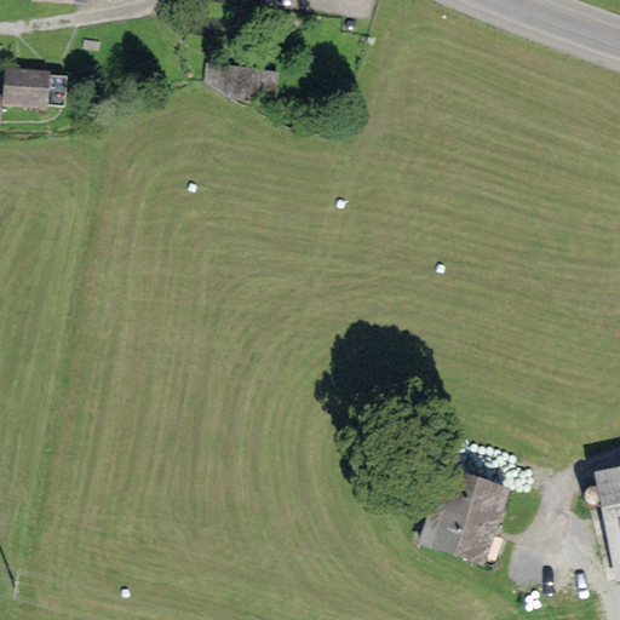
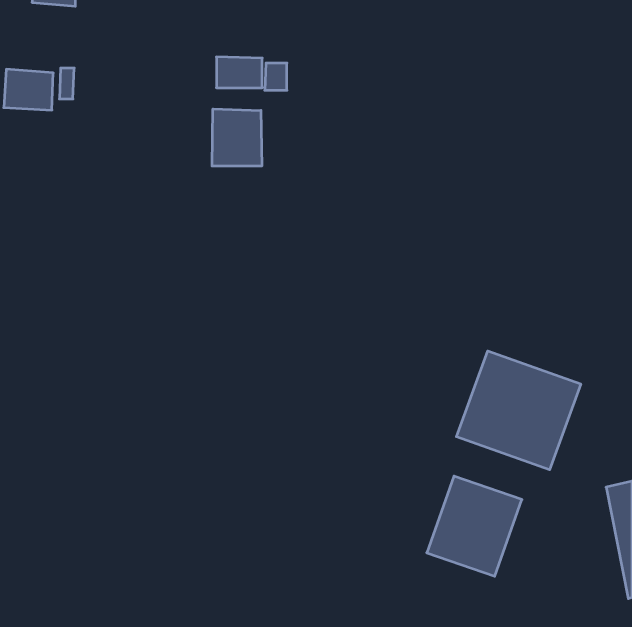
building: none -> [212,109,262,166]
building: none -> [456,351,581,470]

